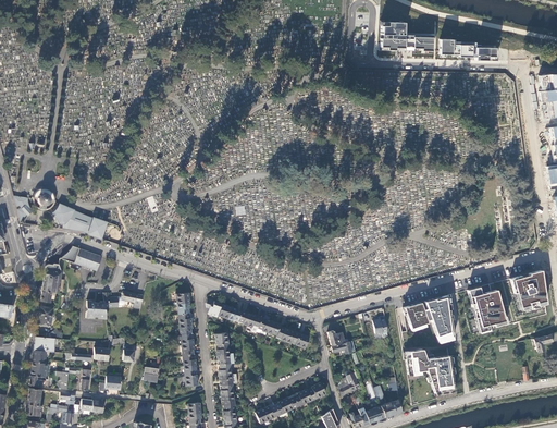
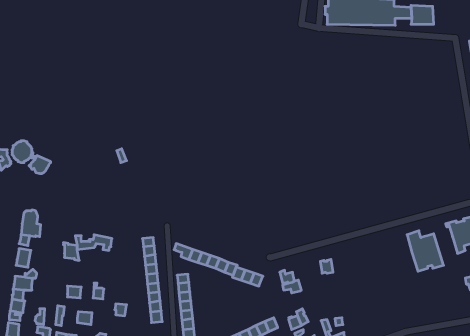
building: [62,210,106,237] -> none
building: [61,246,100,270] -> none
building: [403,295,453,340] -> none
building: [404,348,454,394] -> none

